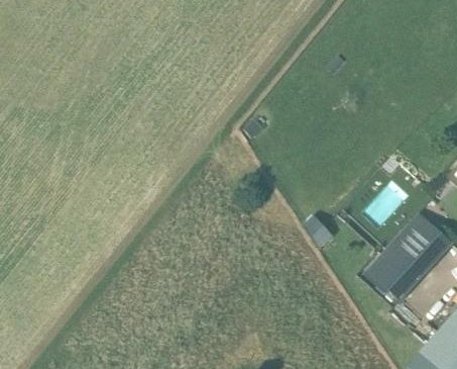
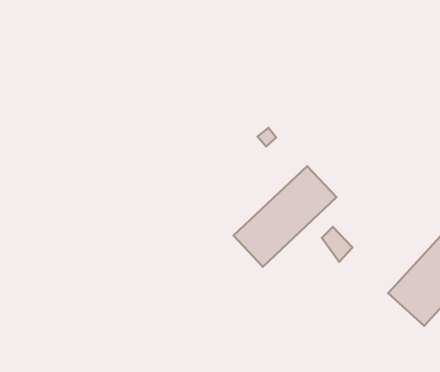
building: none -> [234,166,336,267]

